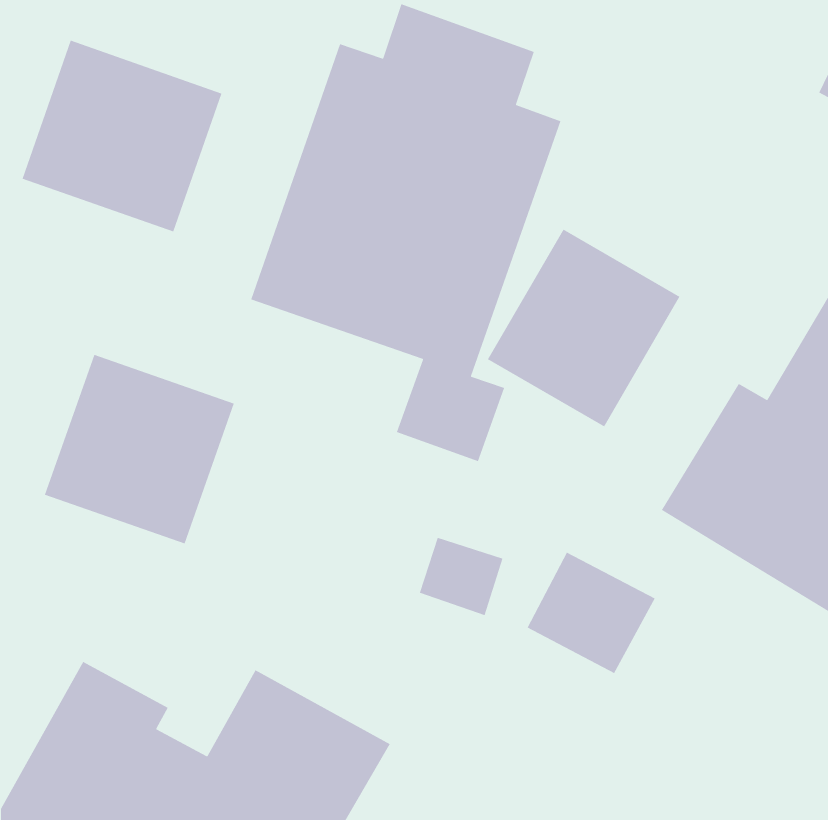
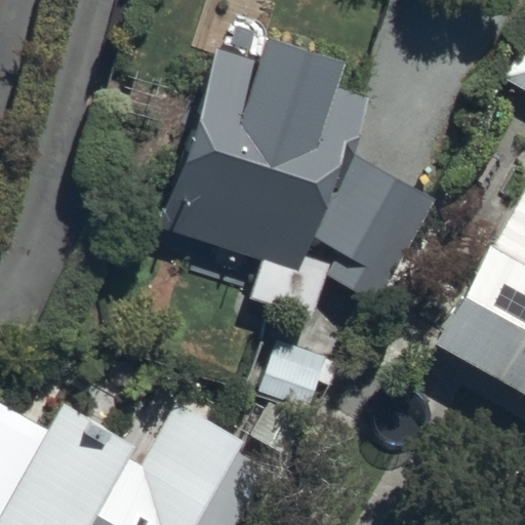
building: [21,40,222,233] -> none
building: [44,354,235,544] -> none

